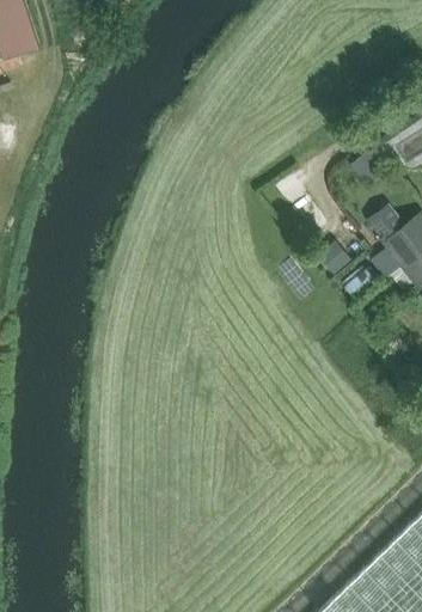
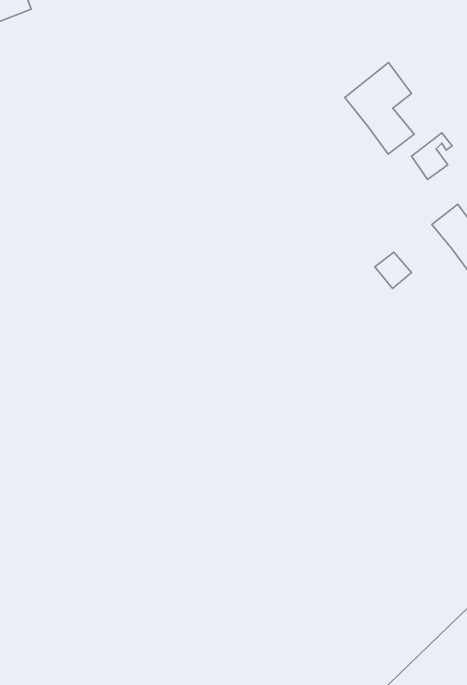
building: none -> [345,63,414,154]

